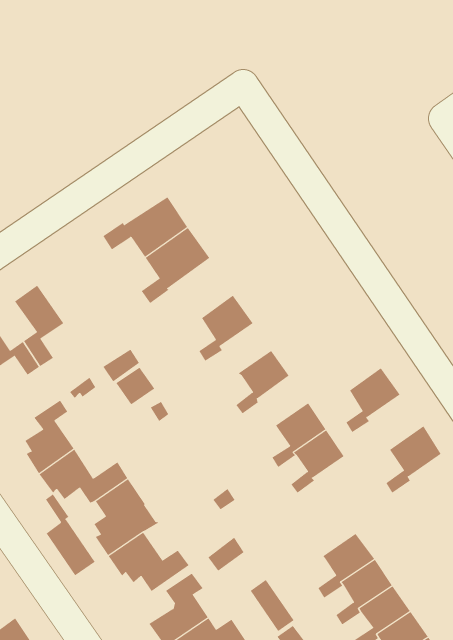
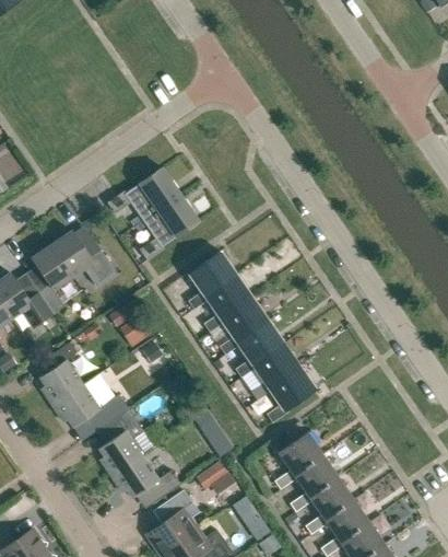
building: none -> [50,231,115,286]
building: none -> [203,277,250,333]
building: [345,368,400,433] -> [235,322,282,378]
building: [385,426,442,493] -> [274,432,322,490]
building: [45,493,96,576] -> none

